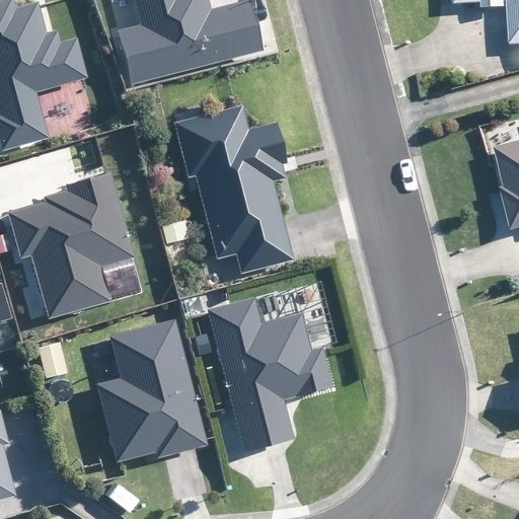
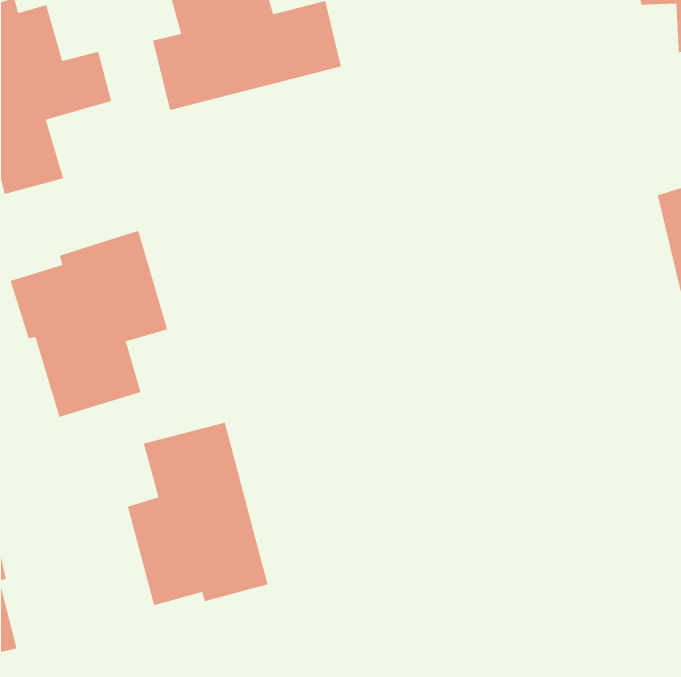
building: [180,106,289,269] -> none
building: [208,298,331,452] -> none

